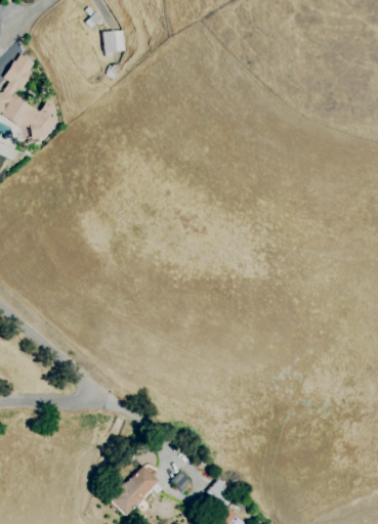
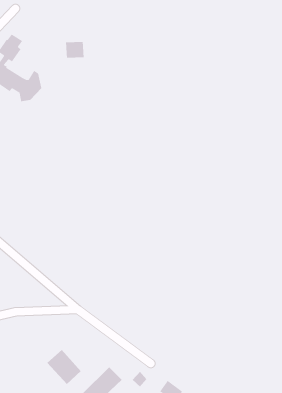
building: [102,31,126,52] -> [65,41,84,59]
building: none -> [46,349,82,385]

